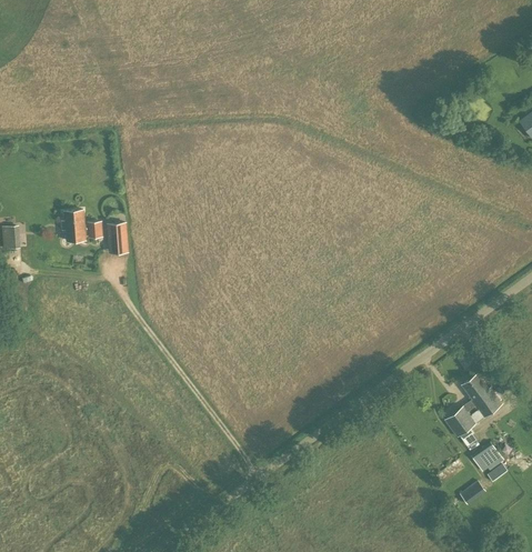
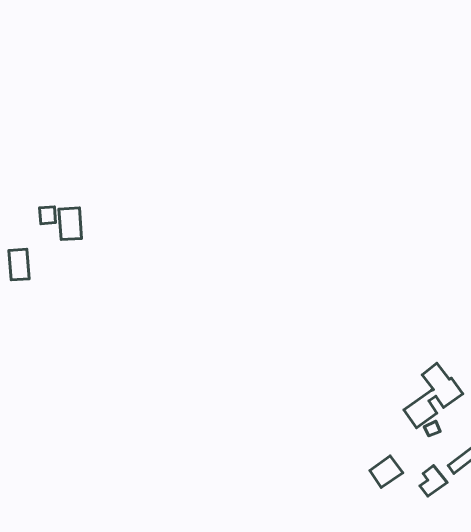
building: [64,211,84,241] -> [9,249,29,280]
building: [471,441,503,472] -> [370,456,403,488]

